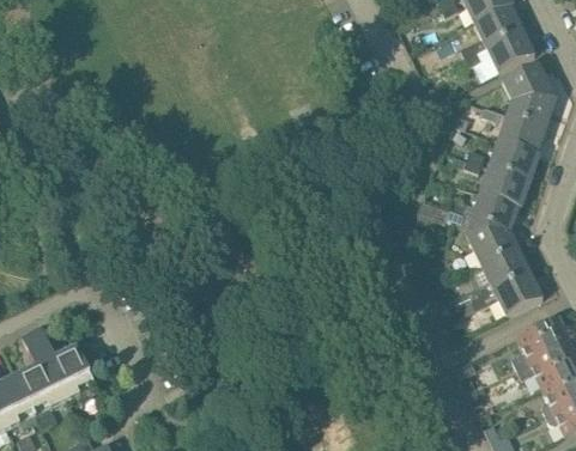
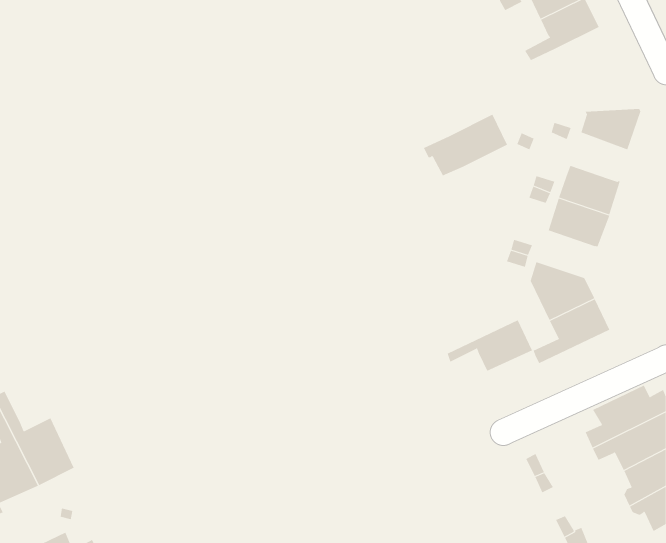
building: [465,29,533,79] -> [423,114,508,176]
building: [501,62,553,97] -> none
building: [497,114,544,153] -> none
building: [469,193,517,231] -> none
building: [472,273,541,315] -> [447,319,533,371]

